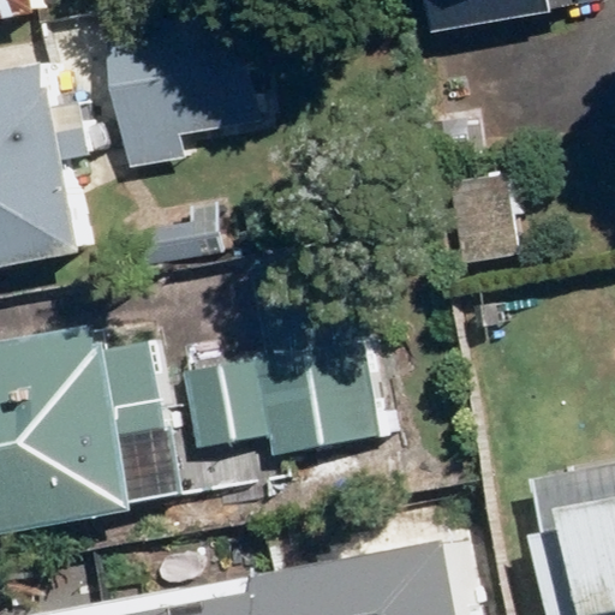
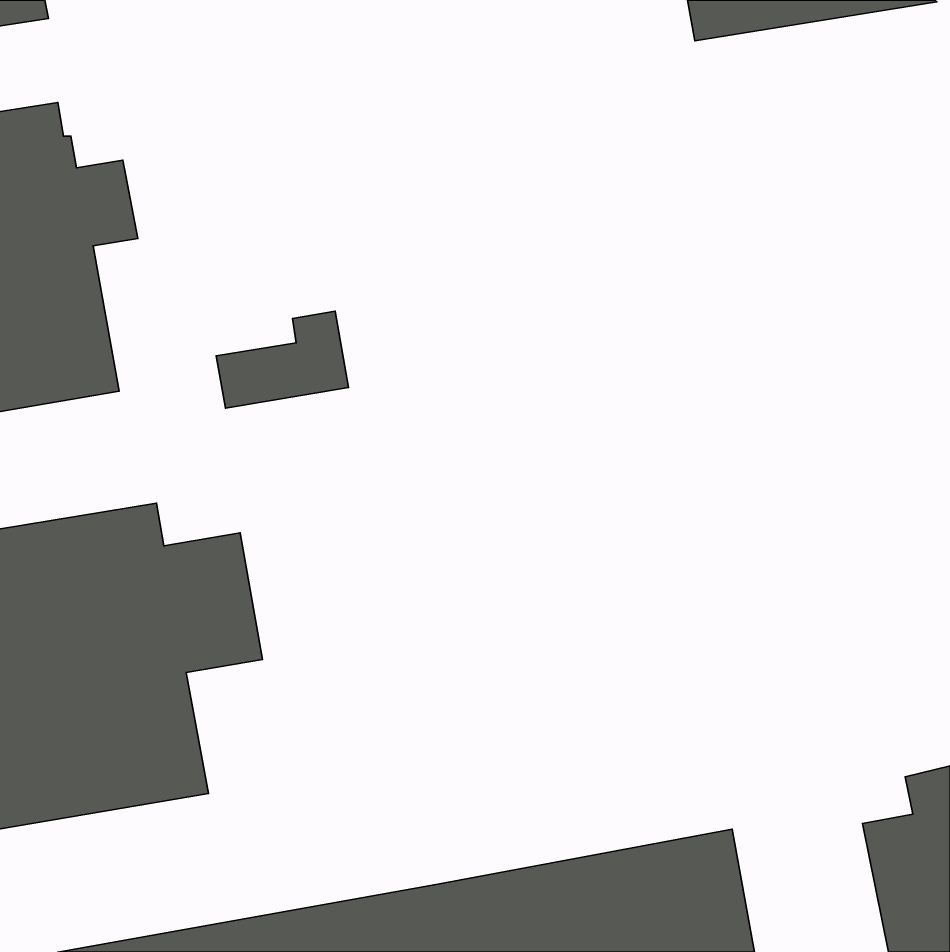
building: [106,16,271,168] -> none
building: [183,338,378,454] -> none

